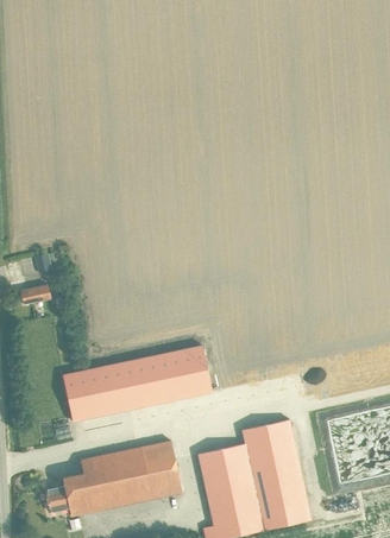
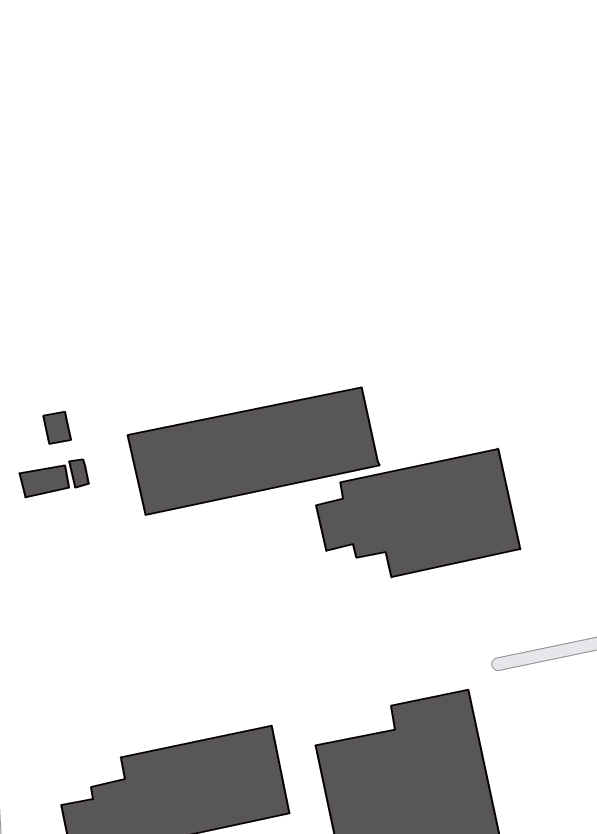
building: none -> [316,449,520,577]
building: [62,346,213,422] -> [128,388,380,515]

